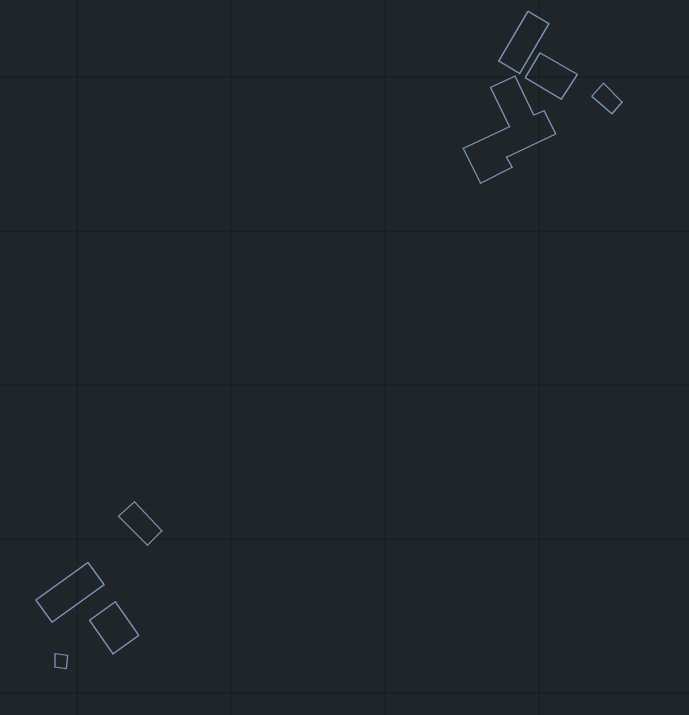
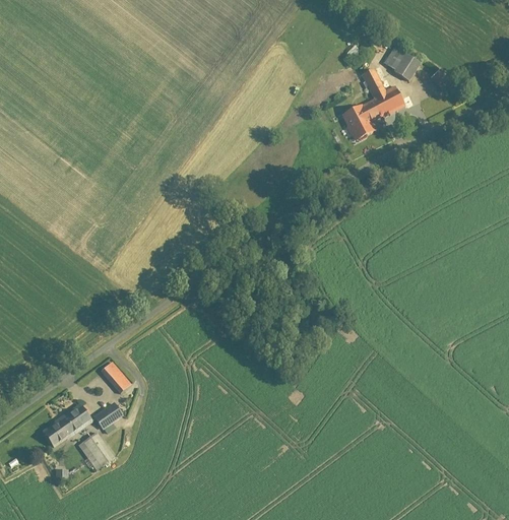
building: [499,11,549,74] -> none
building: none -> [92,402,125,432]

